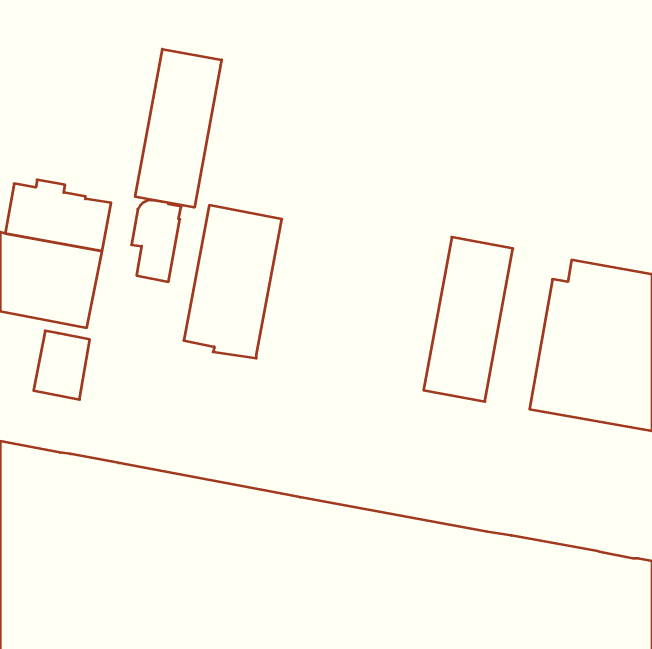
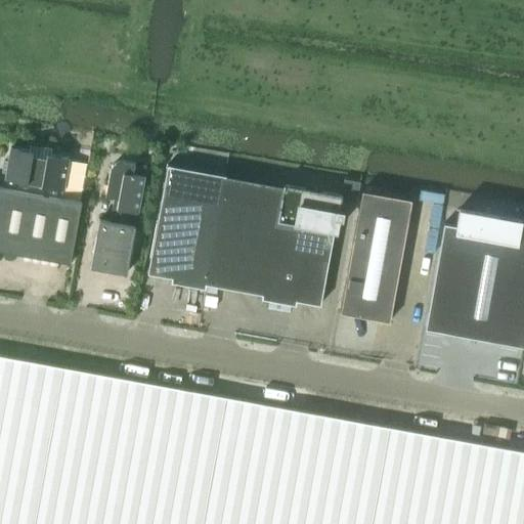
building: [135,49,222,207] -> none
building: none -> [206,178,341,308]
building: [34,331,90,400] -> [90,221,135,276]

